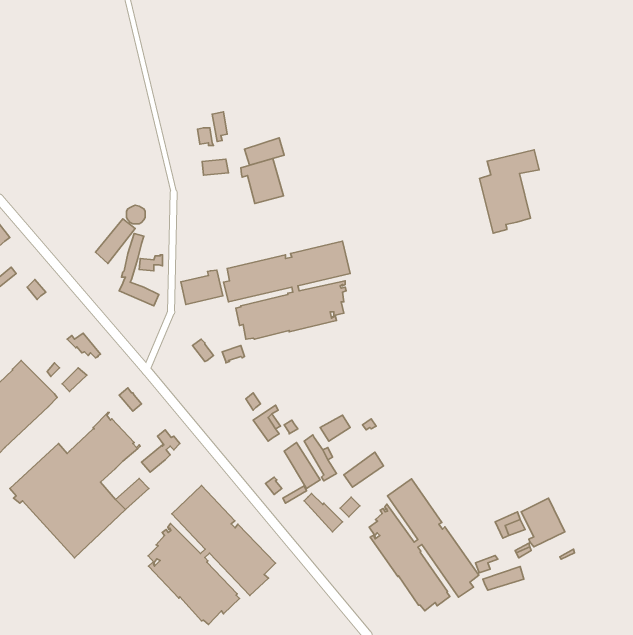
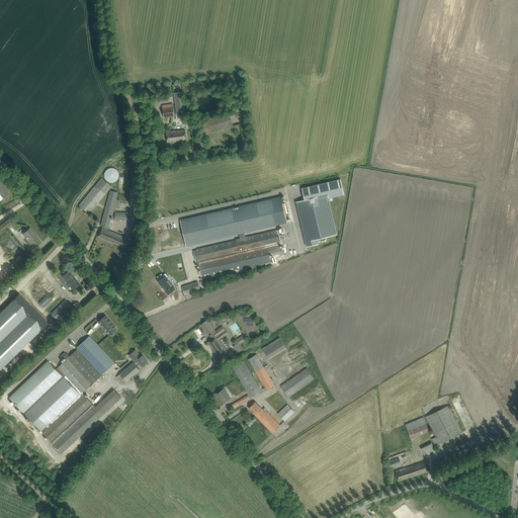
building: [480,150,539,233] -> [294,179,343,247]
building: [241,159,284,204] -> none
building: [181,270,223,304] -> none
building: [369,479,479,611] -> none
building: [148,486,275,625] -> none

